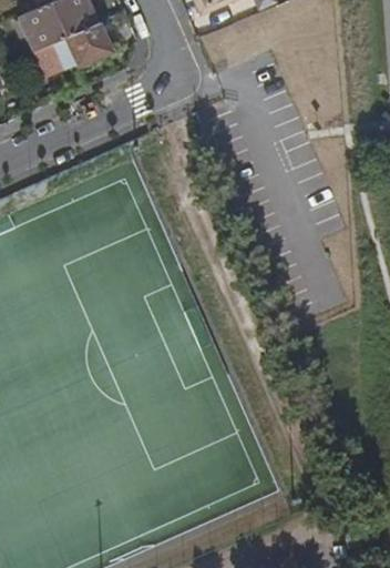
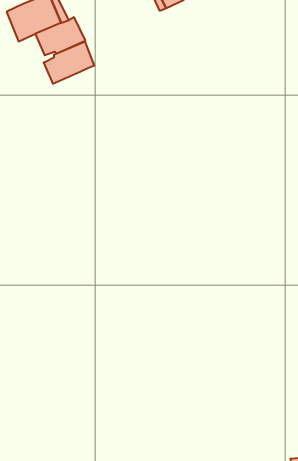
building: none -> [44,42,94,84]

